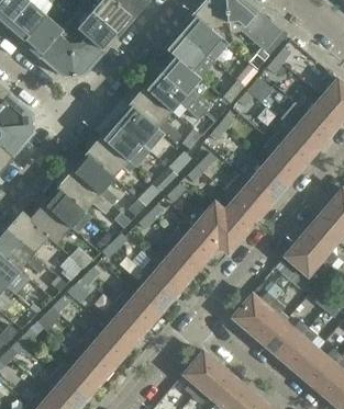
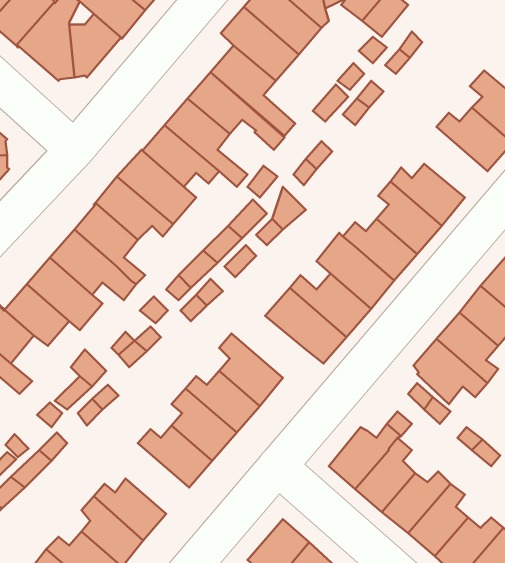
building: [292,106,332,150] -> none
building: [173,224,219,262] -> none
building: [107,303,146,346] -> none

